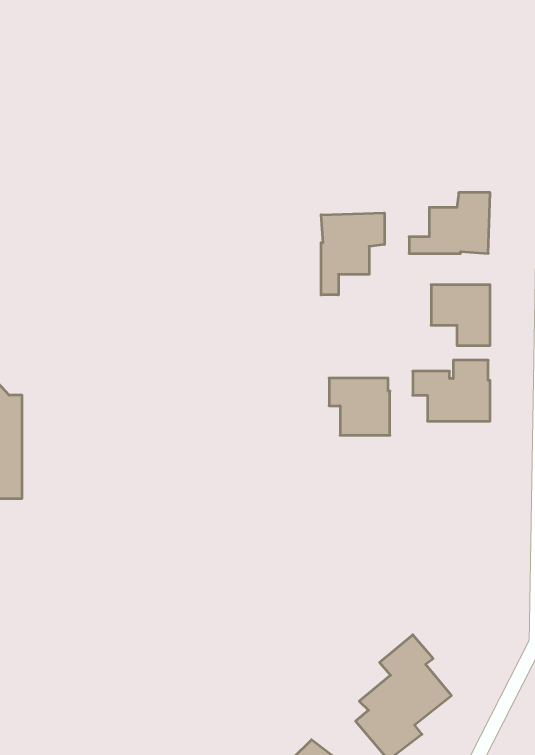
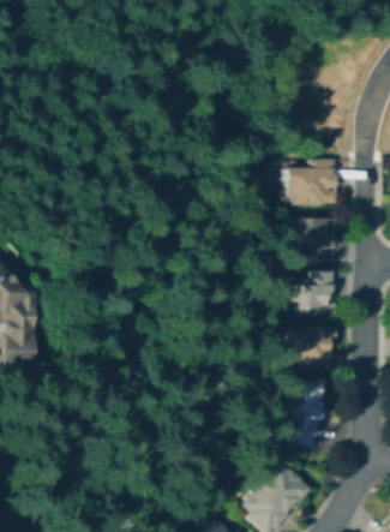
building: [321,213,384,295] -> none
building: [329,378,390,435] -> [294,328,334,365]
building: none -> [287,382,323,443]

